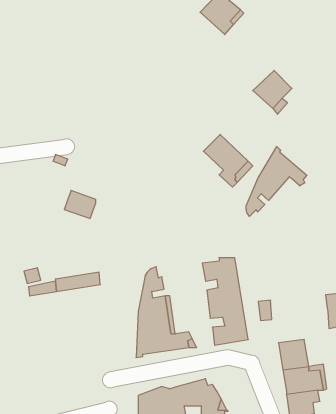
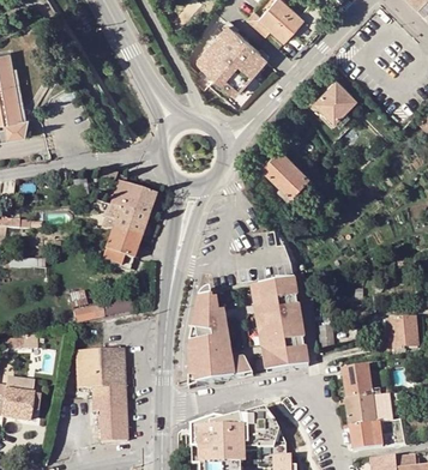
building: none -> [195,20,270,95]
building: [246,147,307,216] -> none
building: none -> [110,180,155,216]
building: none -> [102,227,140,266]
building: none -> [254,284,284,372]
building: none -> [76,345,127,439]

